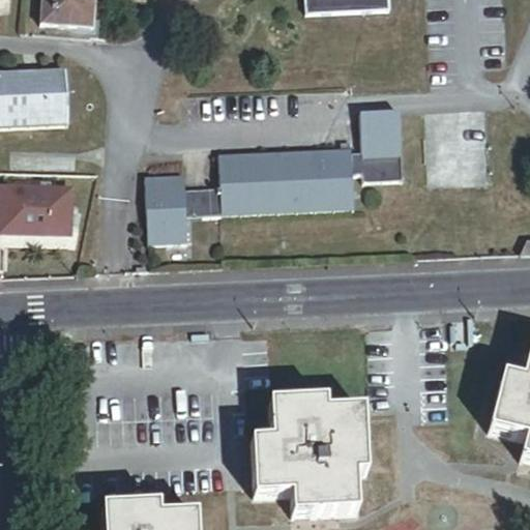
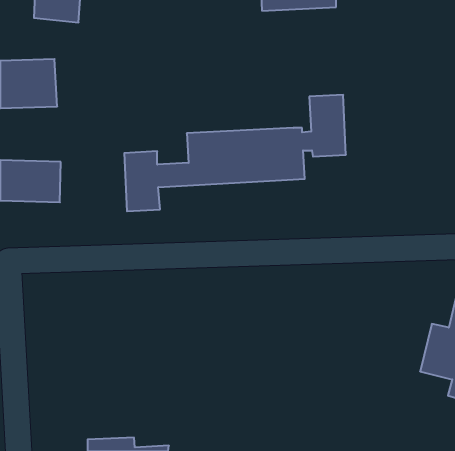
building: [254,399,366,513] -> none

